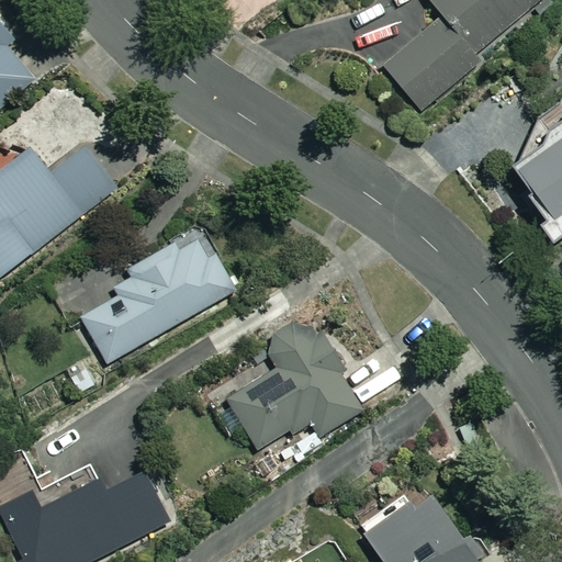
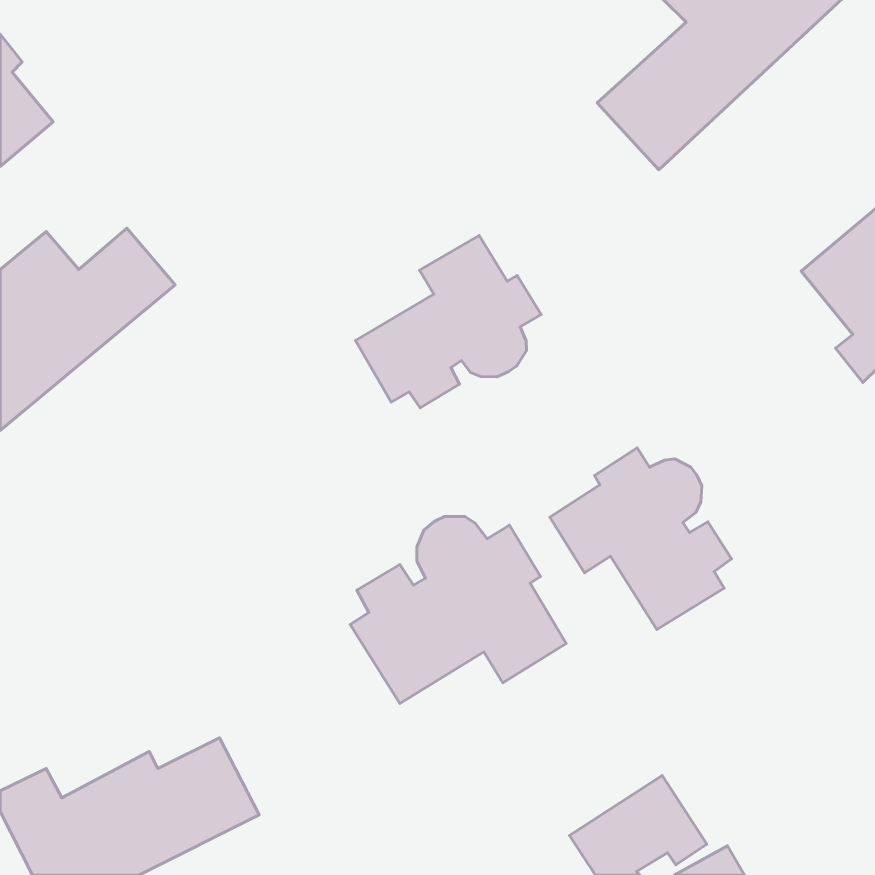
building: none -> [356,235,541,408]
building: [81,236,234,363] -> none
building: none -> [550,448,731,630]

